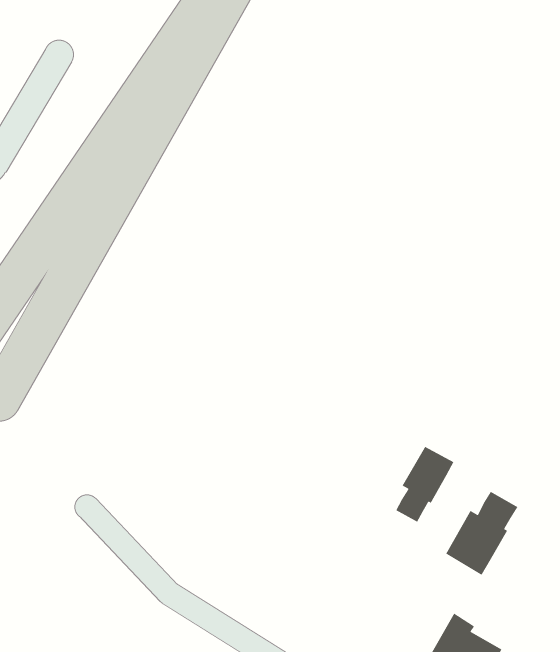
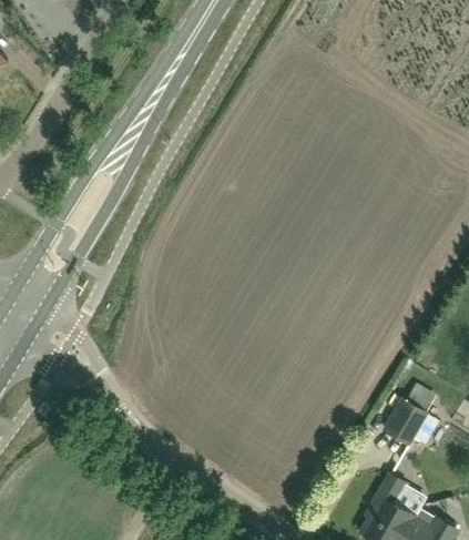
building: [395,446,455,523] -> none

